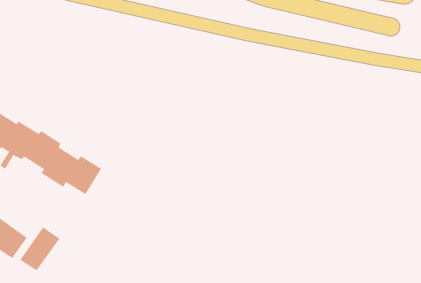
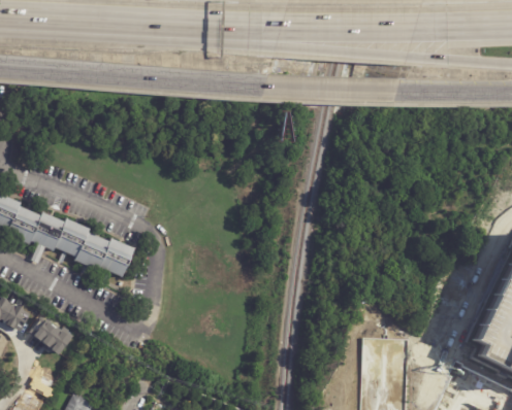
building: [19,226,60,271] -> none

